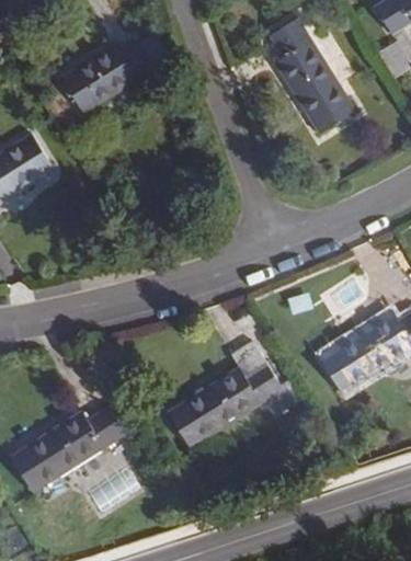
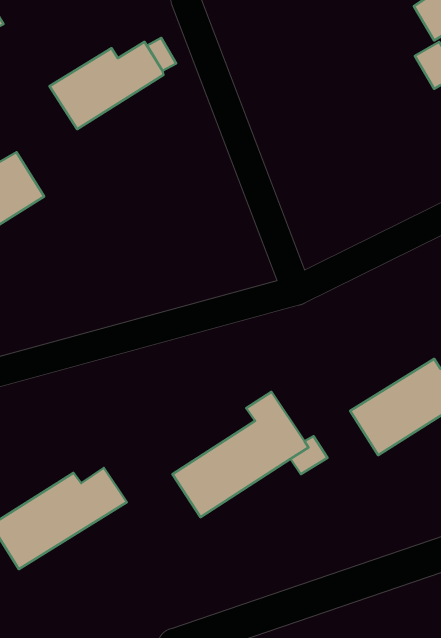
building: [267,19,355,136] -> none

